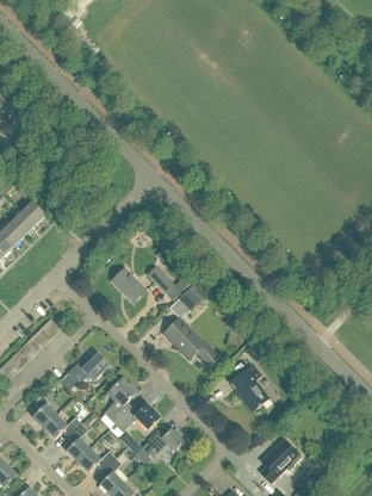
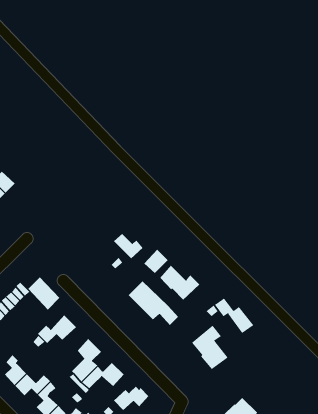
building: [111,266,145,302] -> [27,276,60,310]
building: none -> [159,265,200,300]
building: none -> [214,298,254,334]

